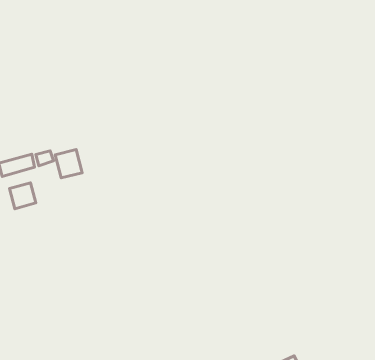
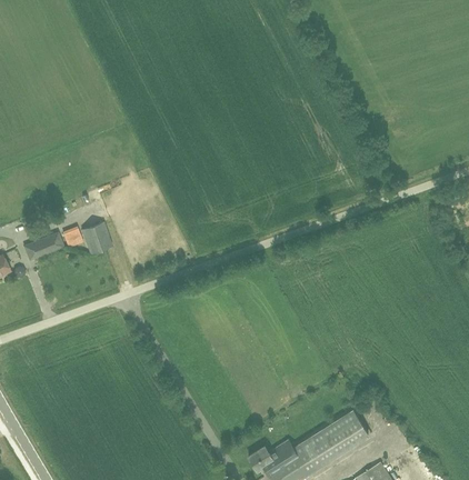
building: [9,183,36,209] -> none

